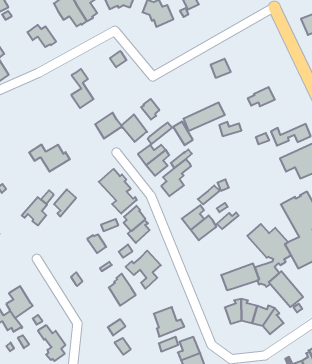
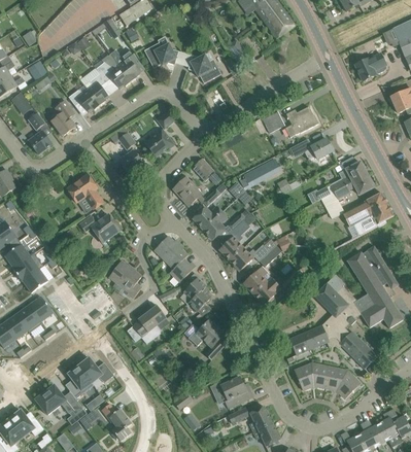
building: none -> [83,73,108,105]
building: none -> [50,100,75,135]
building: none -> [285,106,317,137]
building: none -> [66,174,103,209]
building: none -> [338,161,367,187]
building: [95,113,122,139] -> [144,129,173,157]
building: none -> [229,244,269,270]
building: [22,197,47,225] -> [115,268,141,298]
building: [109,274,136,306] -> [133,310,162,344]
building: none -> [78,356,113,382]

